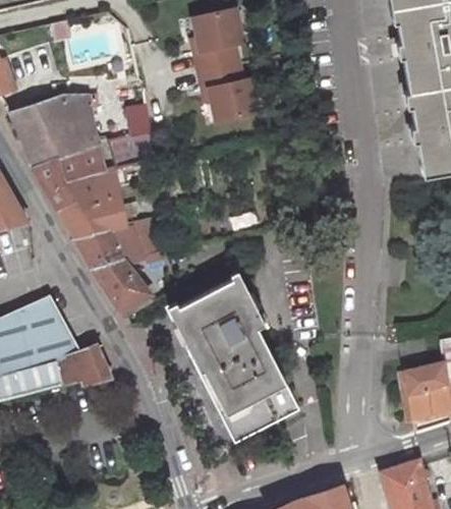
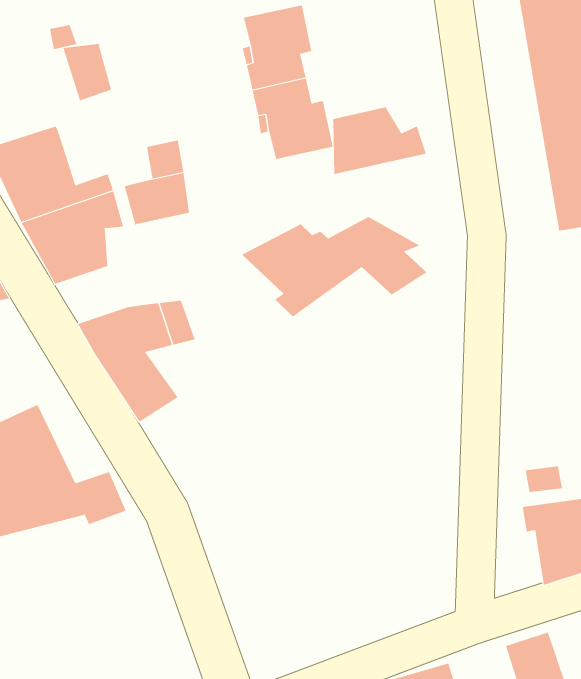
building: none -> [333,106,426,175]
building: [61,97,97,138] -> [62,43,112,101]
building: none -> [241,216,428,317]
building: [58,167,124,239] -> none
building: [173,280,294,438] -> none

